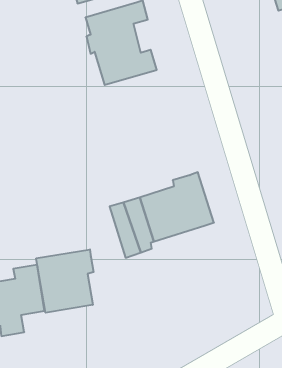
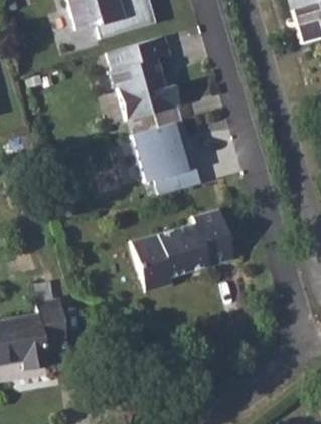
building: none -> [131,119,200,193]
building: [36,249,94,313] -> none

